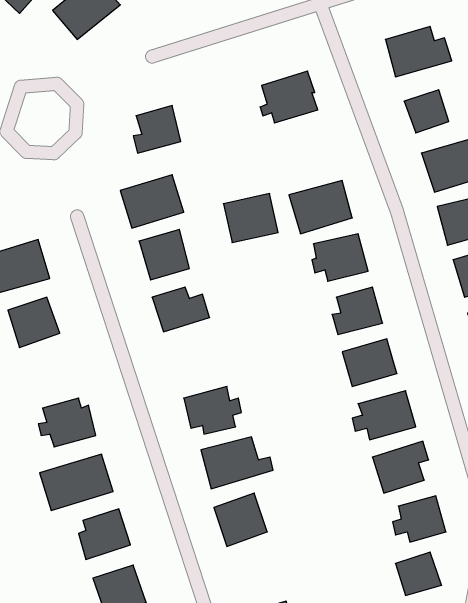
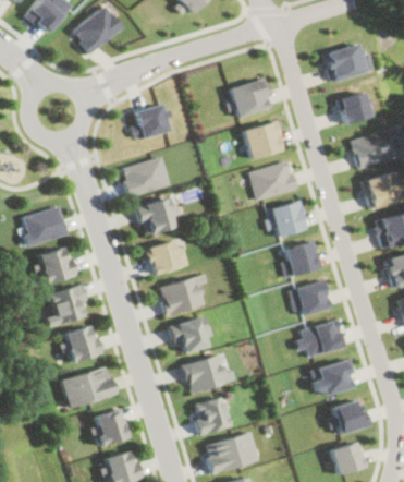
building: [223,194,278,243] -> [244,121,285,158]
building: none -> [159,274,208,315]
building: none -> [47,284,87,327]
building: none -> [206,435,259,474]

